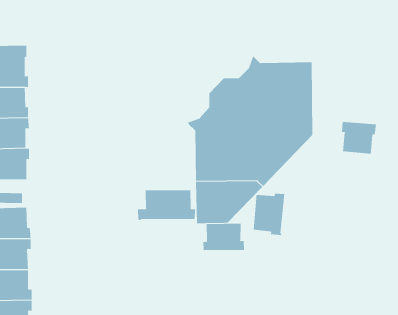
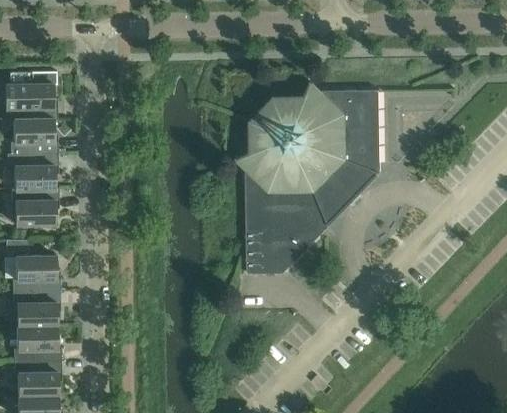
building: [341,121,377,154] -> none
building: [138,190,196,221] -> none
building: [253,193,285,236] -> none
building: [203,223,244,251] -> none

